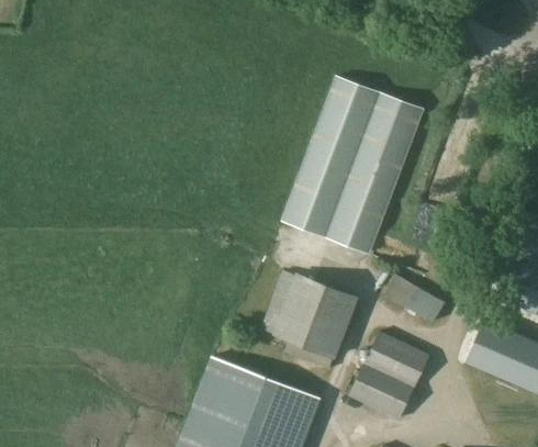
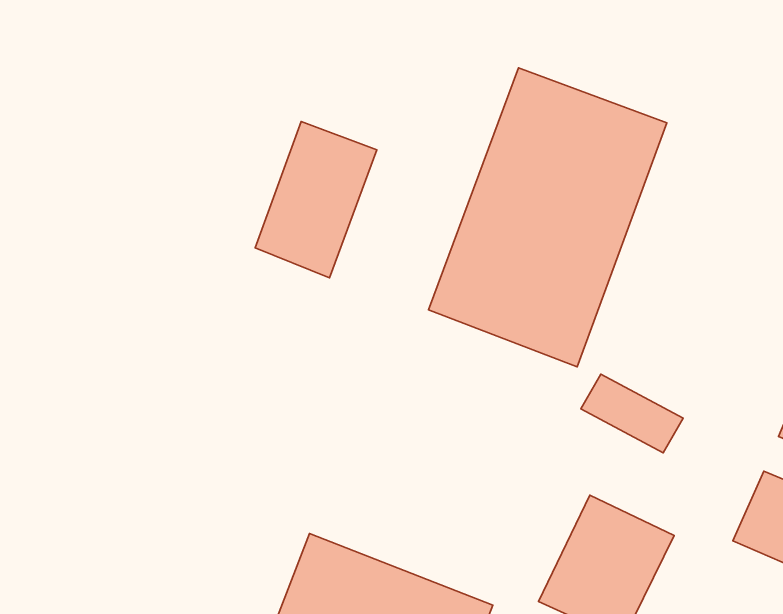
building: none -> [255,121,377,278]
building: [260,271,358,369] -> none

